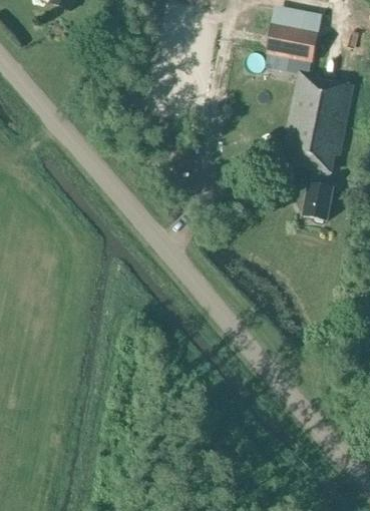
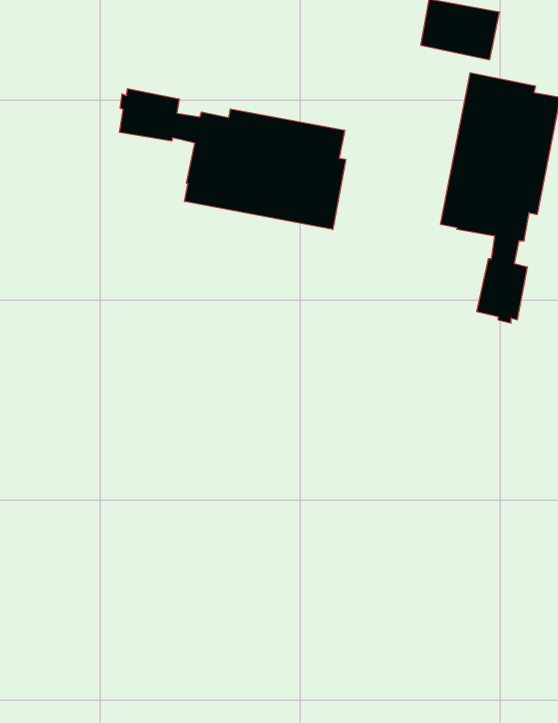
building: none -> [119,89,346,230]

